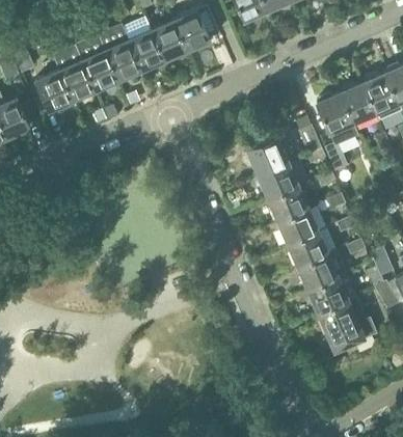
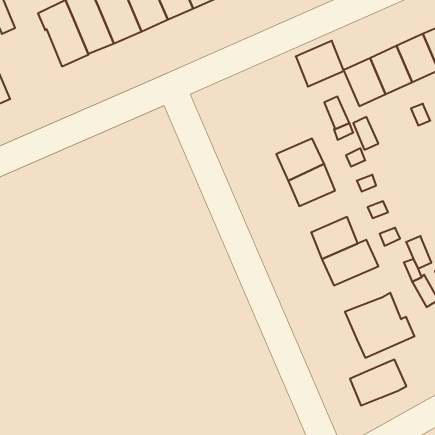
building: [35,70,74,112] -> none
building: [248,138,290,177] -> [296,41,344,87]
building: [278,209,320,245] -> none
building: [308,274,357,313] -> [350,360,406,405]

